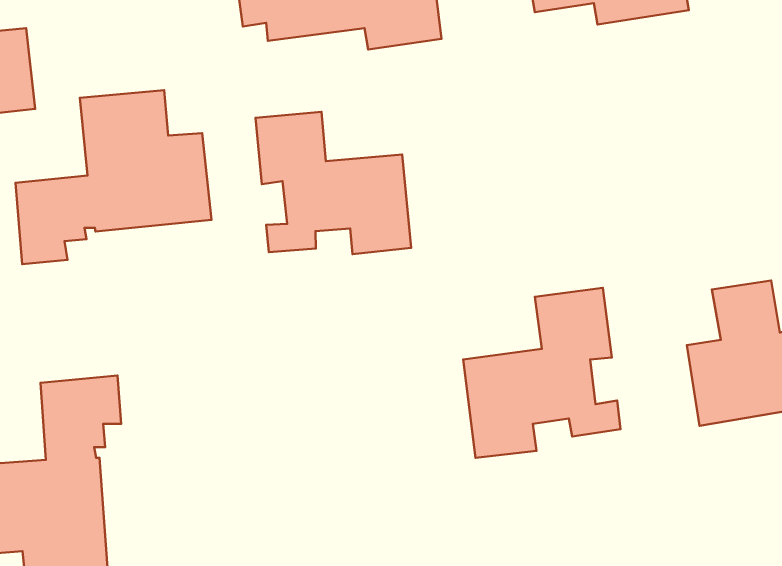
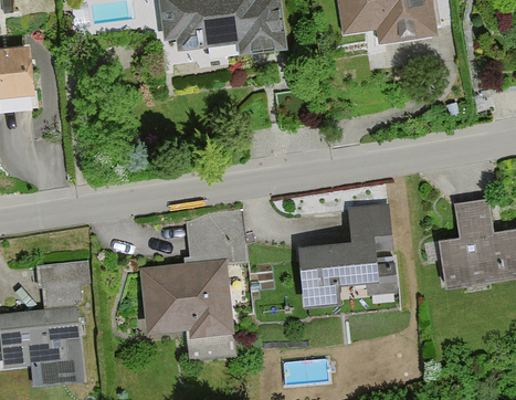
building: [15,90,211,264] -> none
building: [256,112,411,254] -> none
building: none -> [139,210,246,362]

